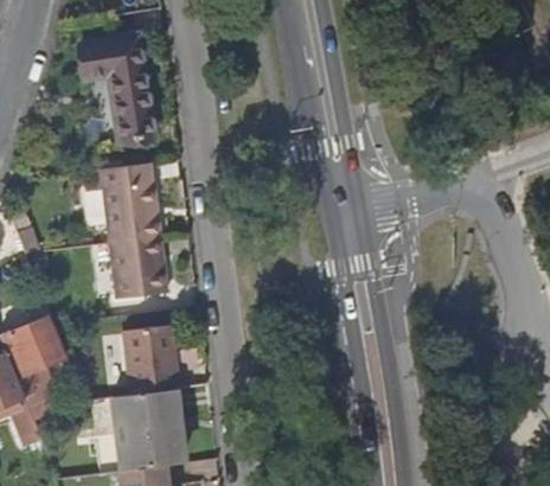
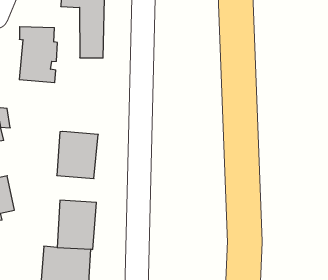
building: [103,166,161,242] -> [19,27,57,83]

